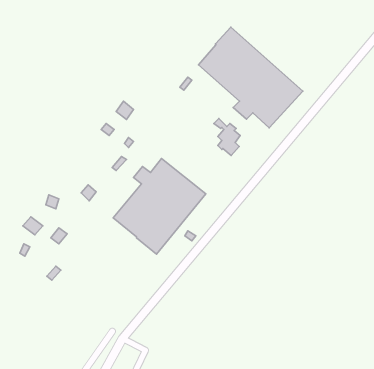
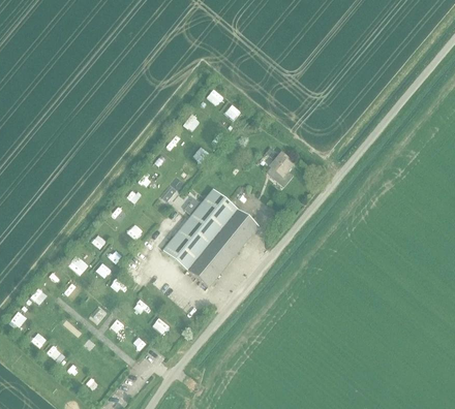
building: [198,27,303,128] -> none

